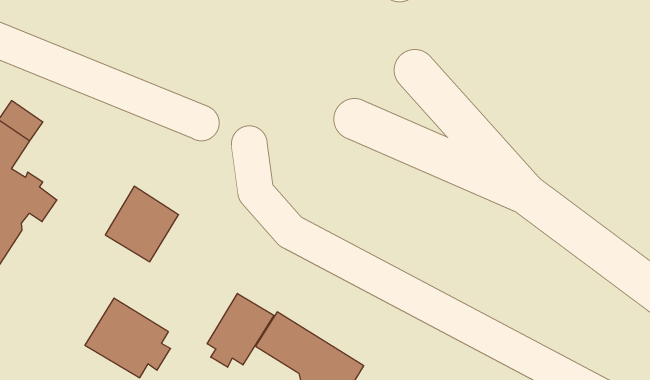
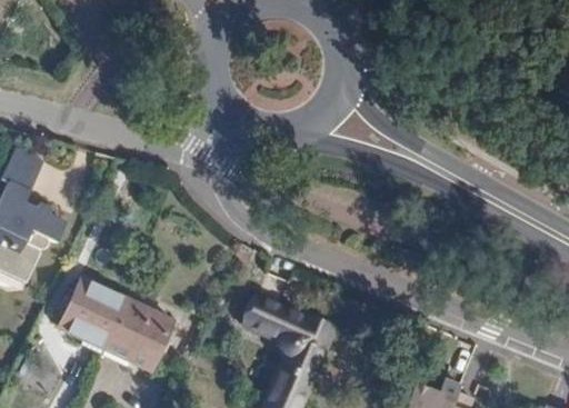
building: [105,186,179,262] -> [63,279,121,339]
building: [207,293,274,367] -> none

